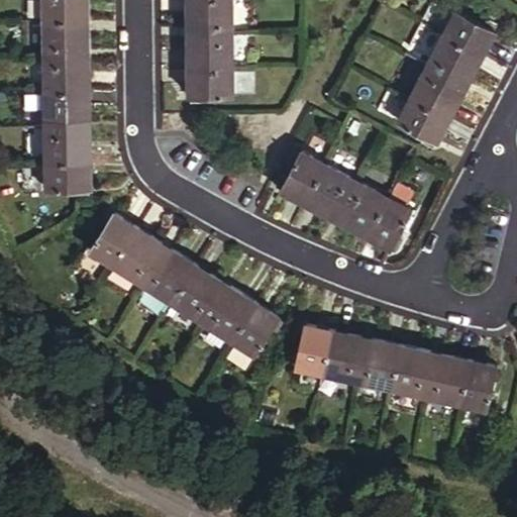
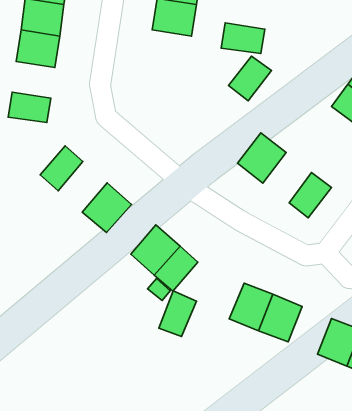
building: [187,72,231,100] -> [221,23,265,53]
building: [43,130,88,165] -> none
building: [280,153,324,203] -> [228,56,271,101]
building: [335,183,387,237] -> none
building: [112,228,165,284] -> none
building: [173,267,225,321] -> none
building: [296,326,332,375] -> [159,291,196,336]
building: [391,348,434,398] -> none

